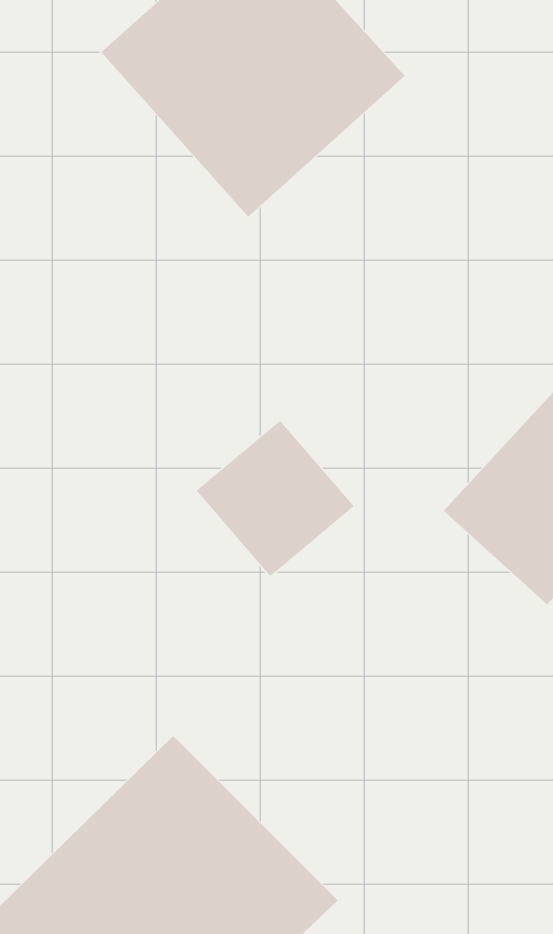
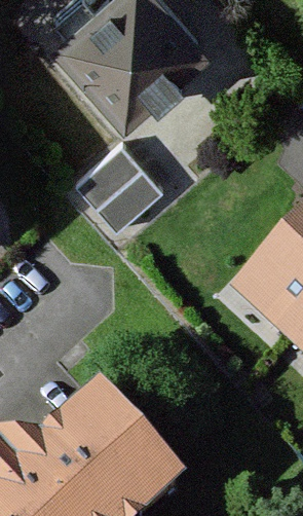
building: [195,420,355,577] -> [75,147,158,229]

